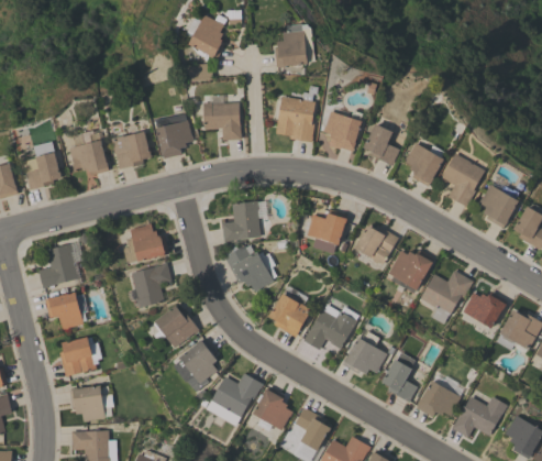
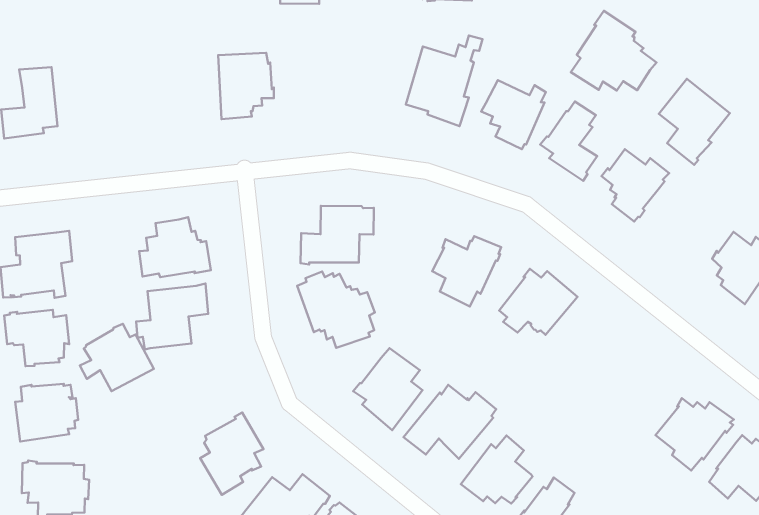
building: none -> [571,11,656,90]
building: [202,95,241,140] -> none
building: [67,130,109,175] -> none
building: [111,130,151,168] -> none
building: [441,153,485,206] -> [659,79,730,165]
building: [389,249,434,293] -> none
building: [420,270,473,323] -> none
building: [153,305,199,348] -> [80,324,154,391]

